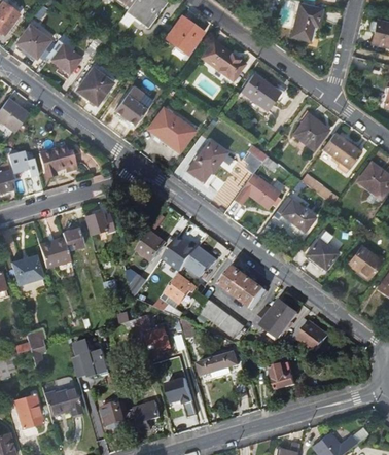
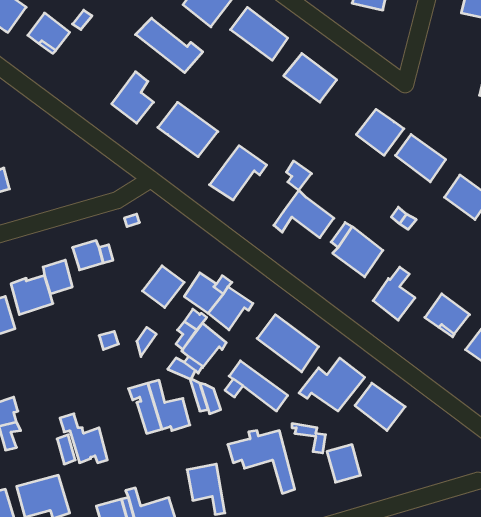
building: none -> [135,18,203,73]
building: [75,68,112,106] -> none
building: [40,146,78,176] -> none

